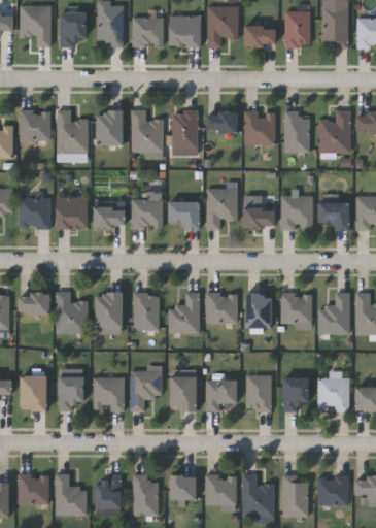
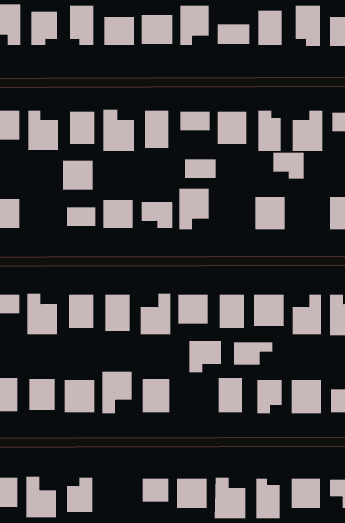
building: [57,197,88,227] -> [62,160,93,190]
building: [318,202,350,229] -> [272,152,305,179]
building: [244,207,276,227] -> [184,159,216,179]
building: none -> [234,341,273,365]
building: [205,380,238,411] -> [188,341,222,373]
building: [132,474,157,516] -> none

